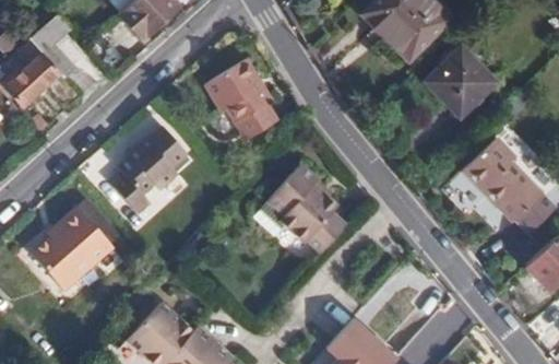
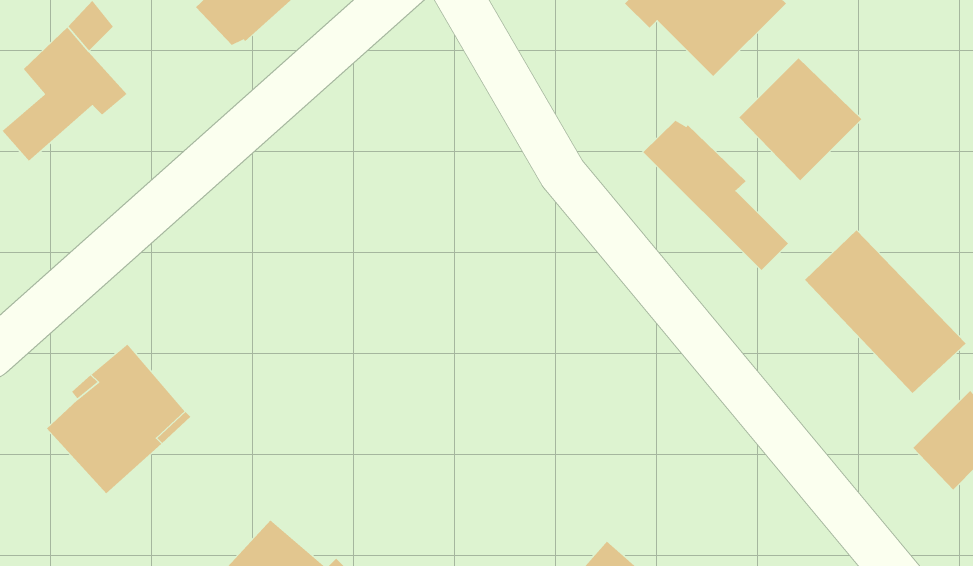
building: [203,57,275,139] -> none
building: none -> [643,120,789,271]
building: [109,128,186,215] -> none
building: [267,166,346,253] -> none

